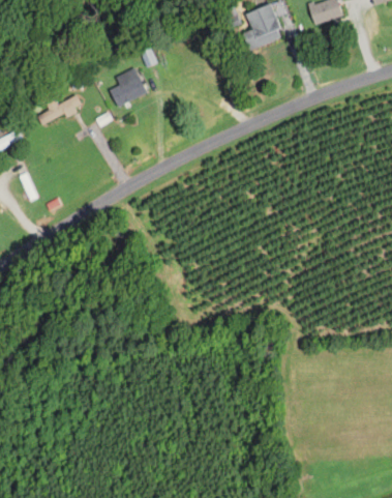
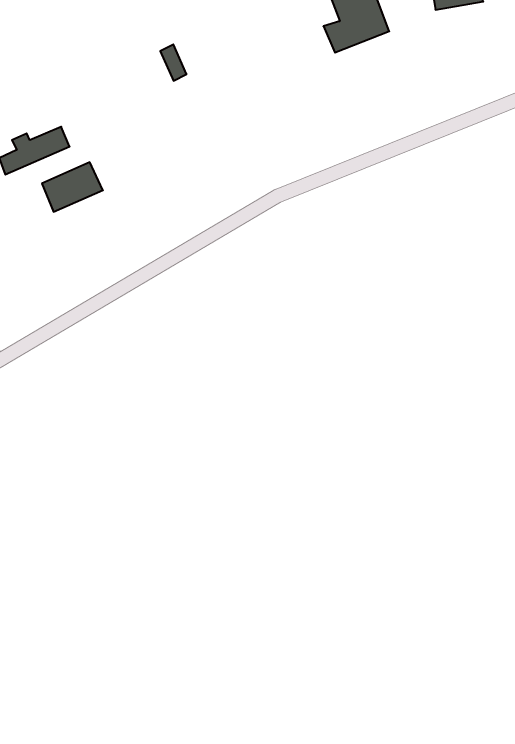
building: [110,76,148,107] -> [42,162,103,212]

